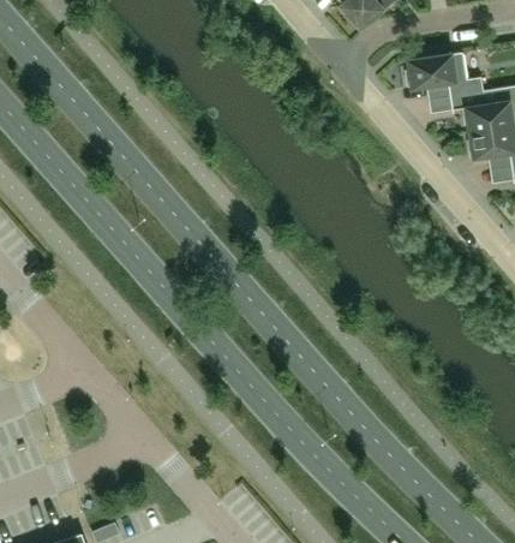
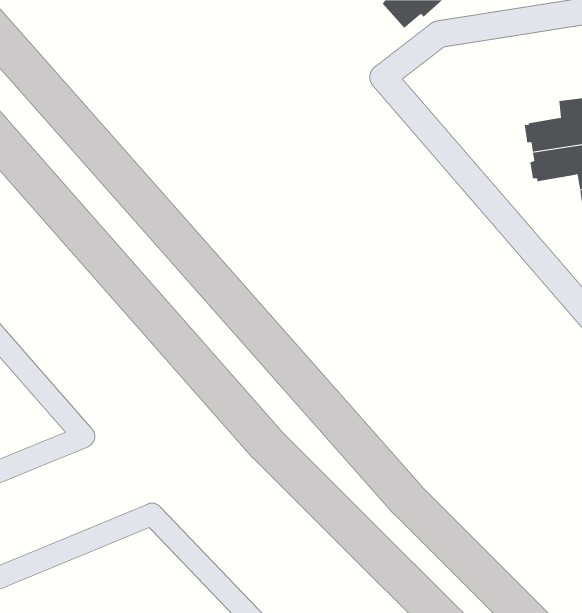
building: [405,54,481,97] -> none

